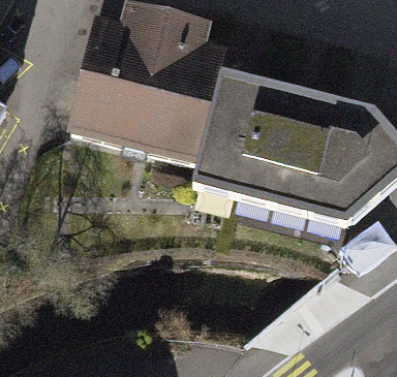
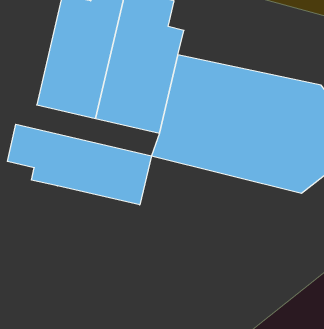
building: none -> [7,124,151,205]

